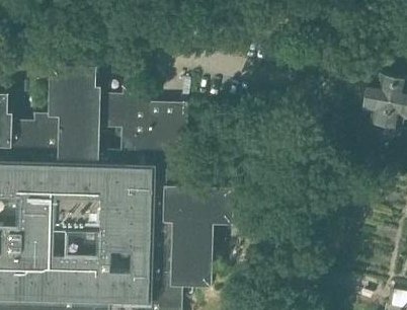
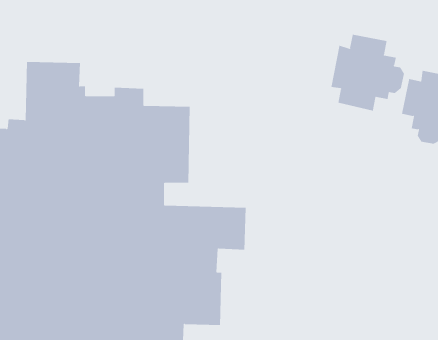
building: none -> [331,34,404,112]

